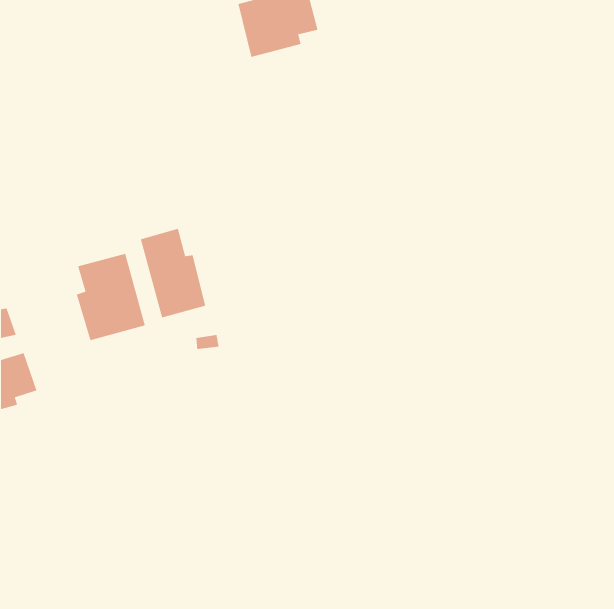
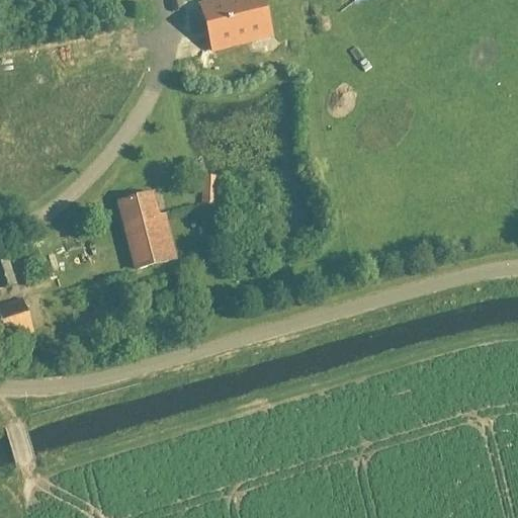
building: [76,253,146,341] -> none

